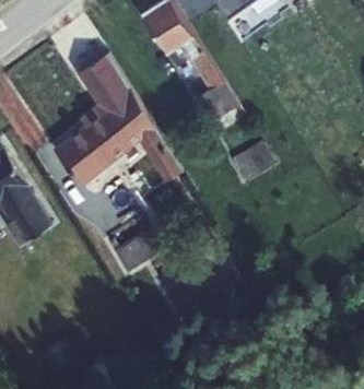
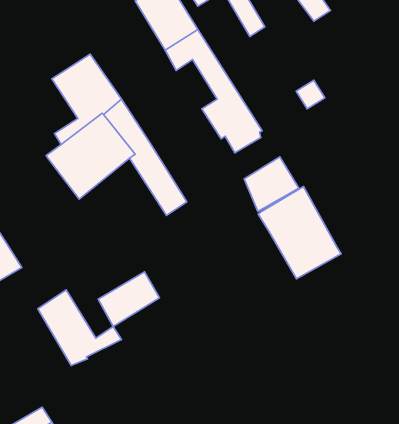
building: [55,137,98,184] -> none
building: none -> [258,187,341,279]
building: none -> [38,290,121,366]

